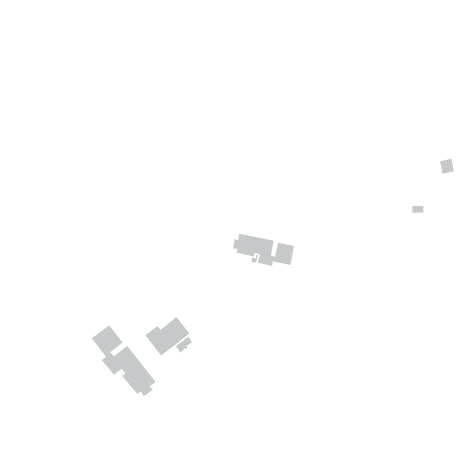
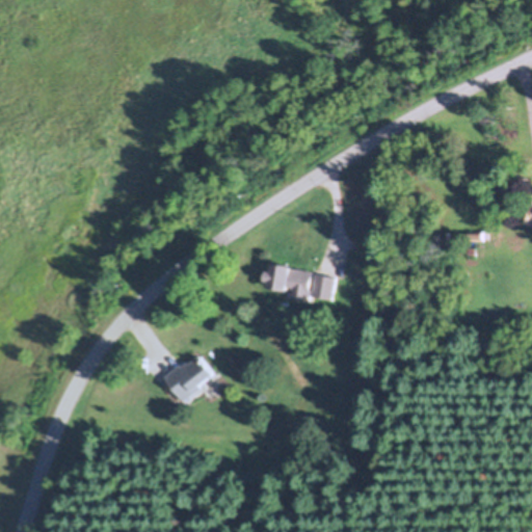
building: [90,324,157,398] -> none

